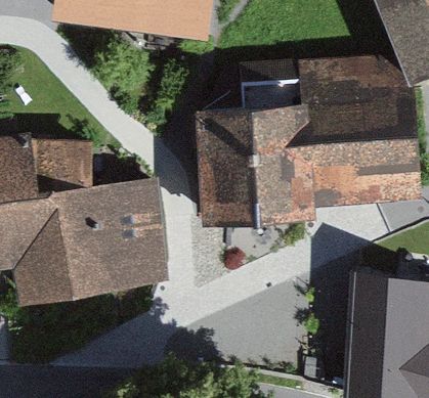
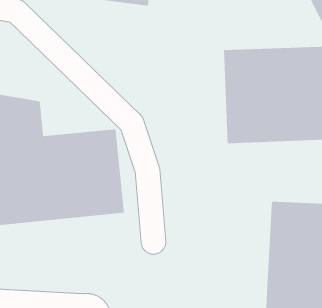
building: [206,89,296,223] -> none

